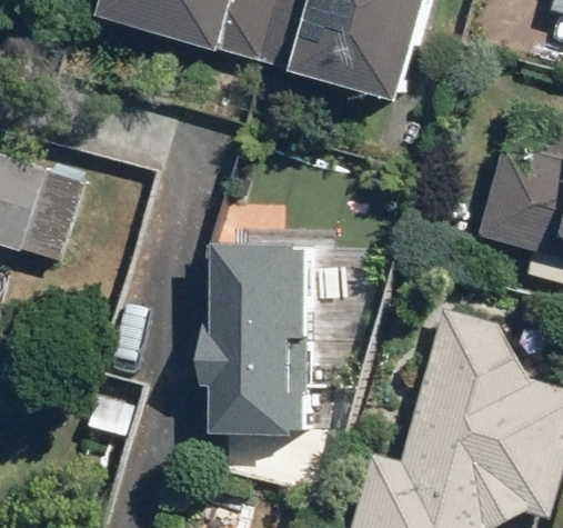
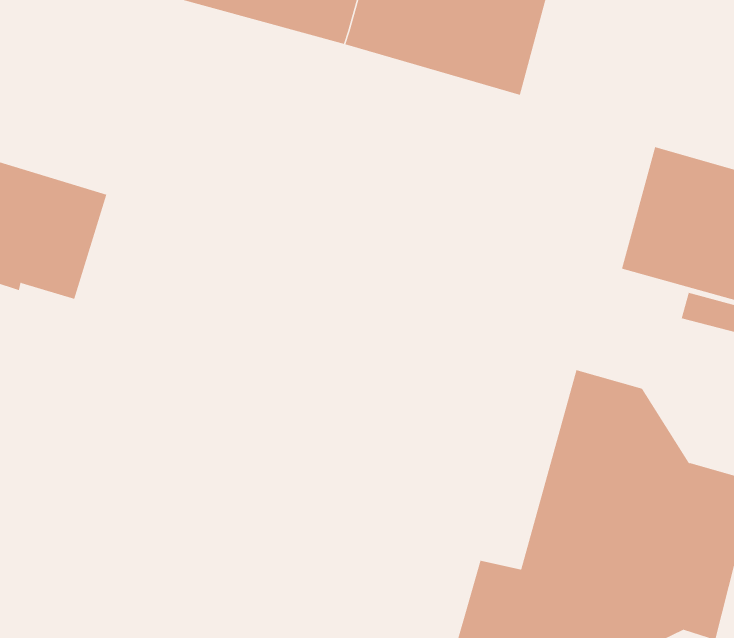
building: [207,243,309,437] -> none

